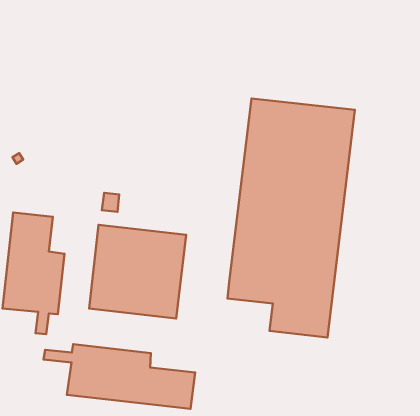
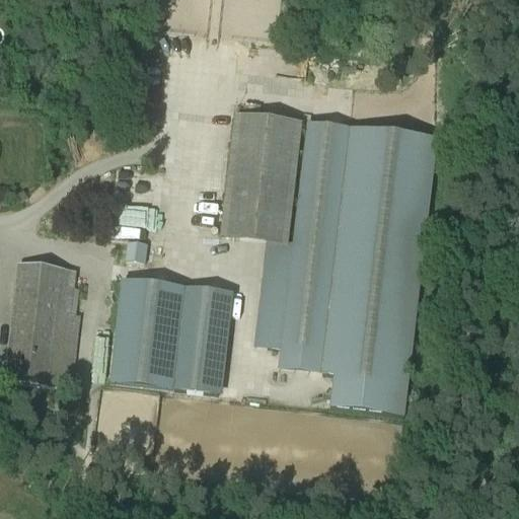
building: none -> [219,112,311,346]
building: [44,344,195,409] -> none

